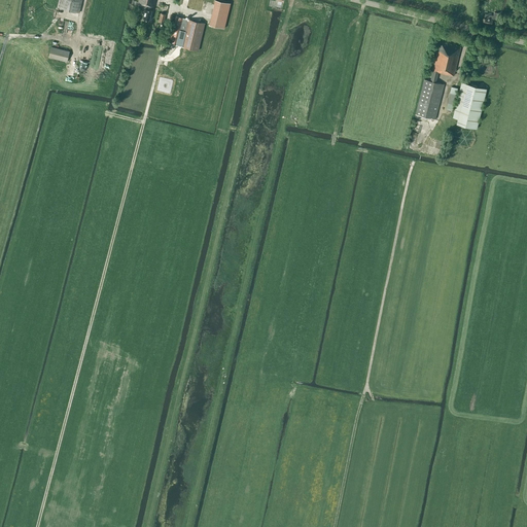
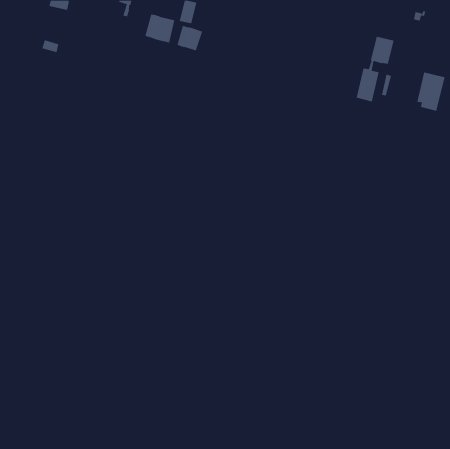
building: none -> [177,25,203,51]
building: [453,83,487,130] -> [417,72,446,112]

